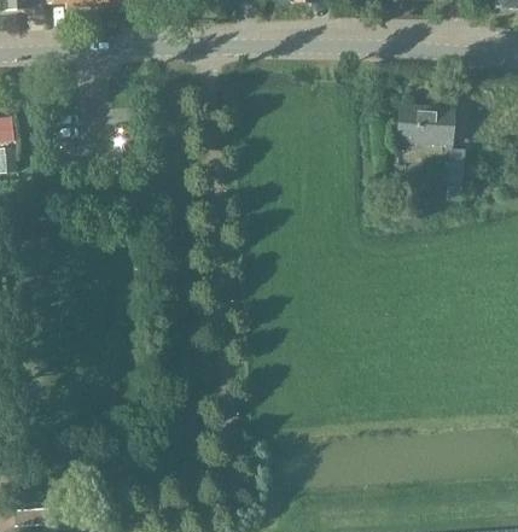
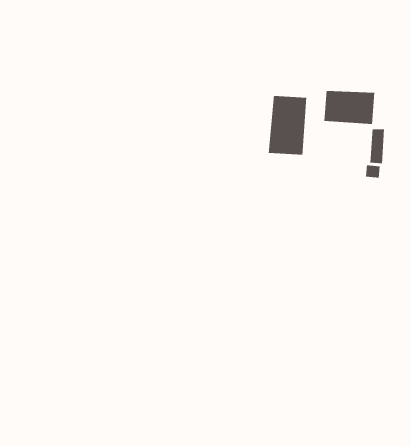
building: none -> [268,95,307,156]

